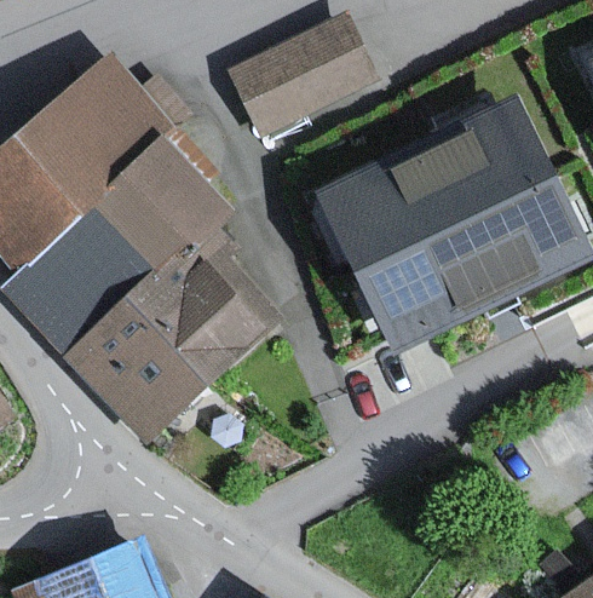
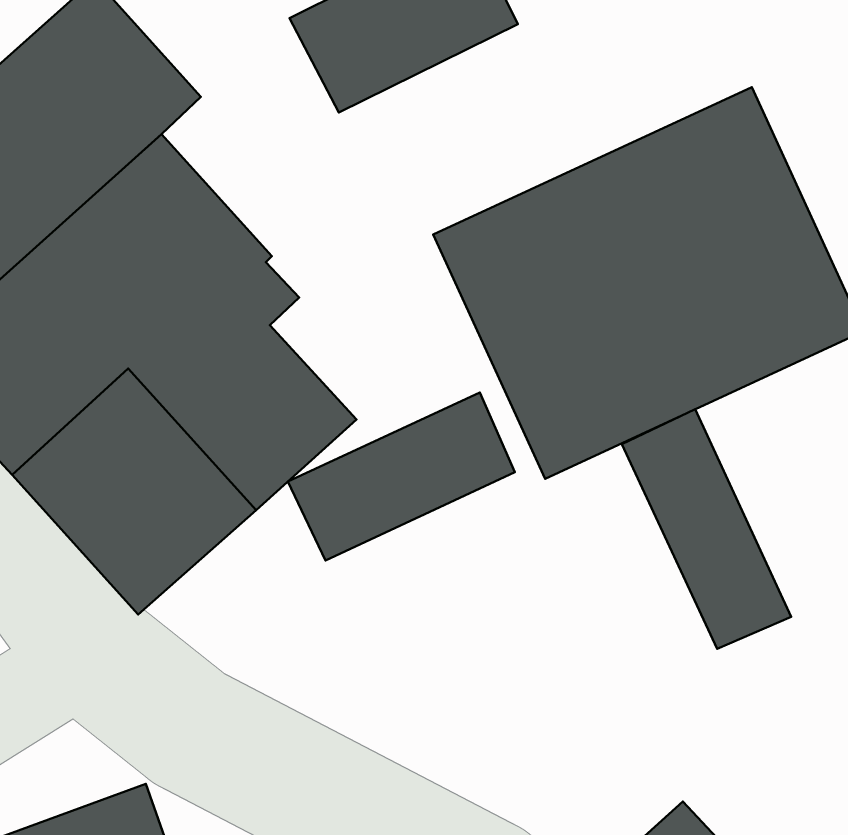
building: none -> [288,392,515,560]
building: none -> [622,409,791,649]

